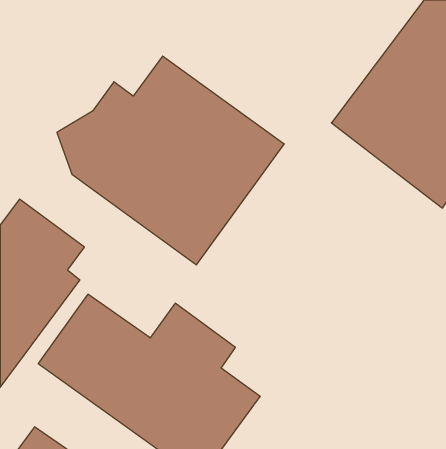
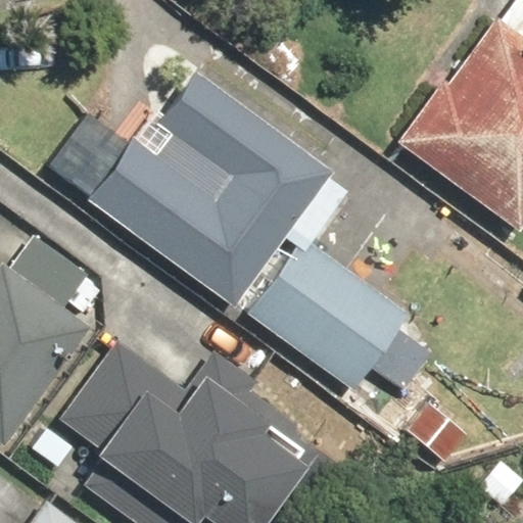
building: none -> [245,235,447,401]

